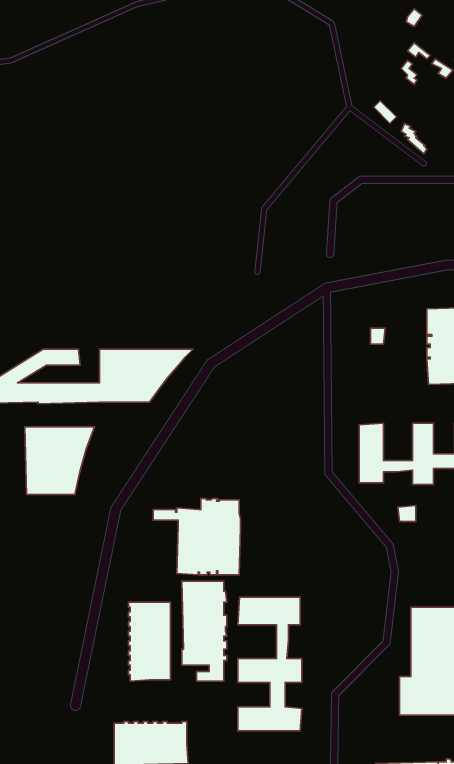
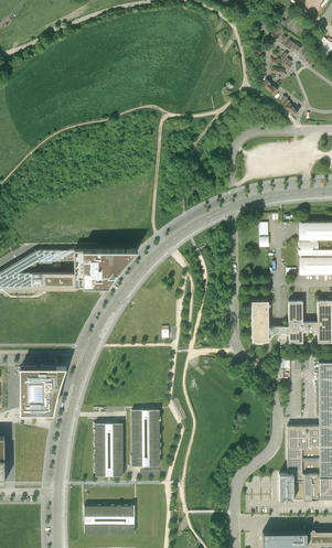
building: [25,427,94,494] -> [19,367,66,413]
building: [153,498,240,575] -> none
building: [238,597,302,731] -> none

